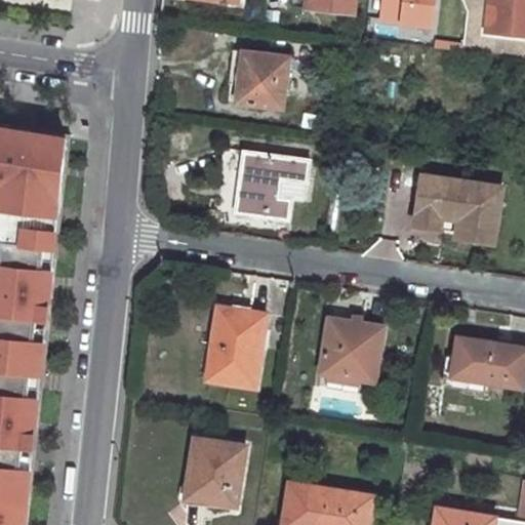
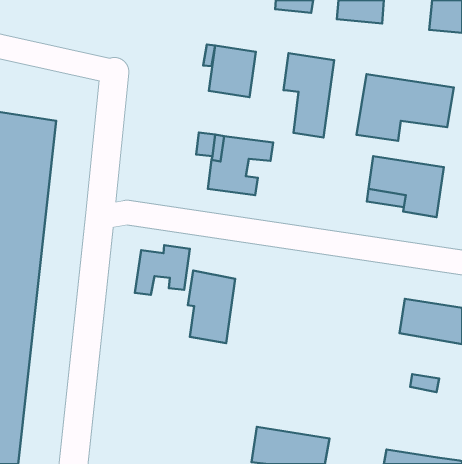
building: none -> [284,53,334,137]
building: none -> [357,74,454,141]
building: none -> [135,245,190,295]
building: [320,319,382,394] -> none
building: [187,438,245,504] -> none

